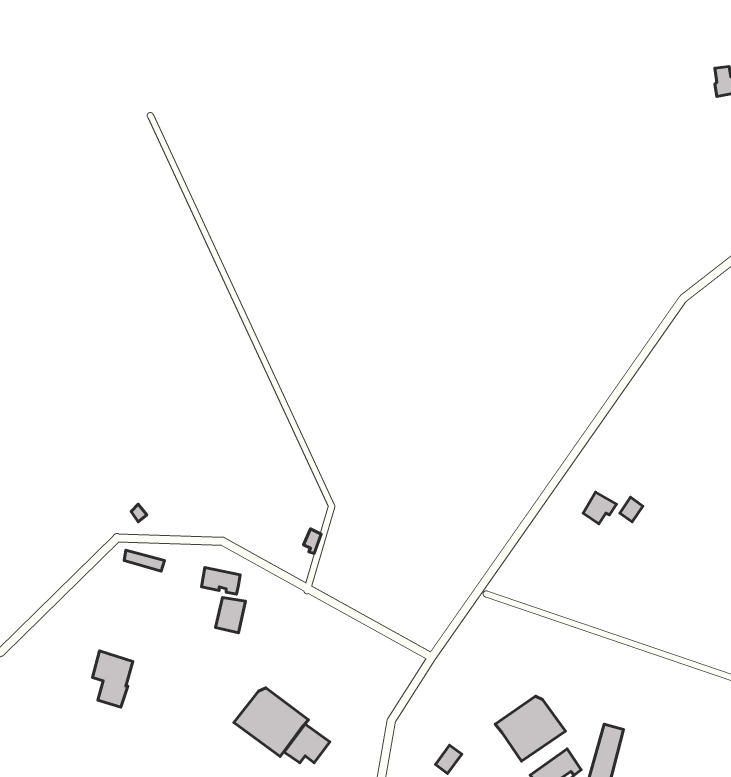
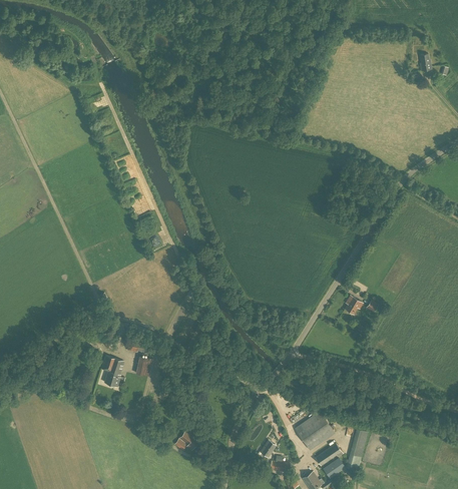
building: [93,651,133,707] -> [100,354,123,386]
building: [234,688,308,756] -> none

